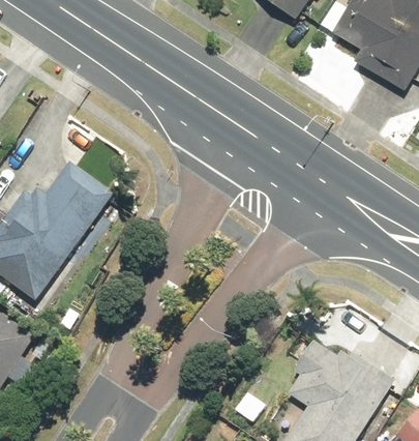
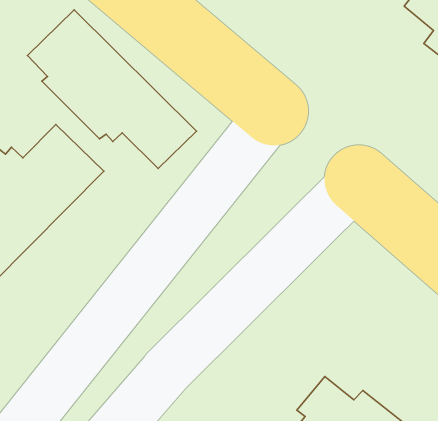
building: none -> [28,10,196,169]

